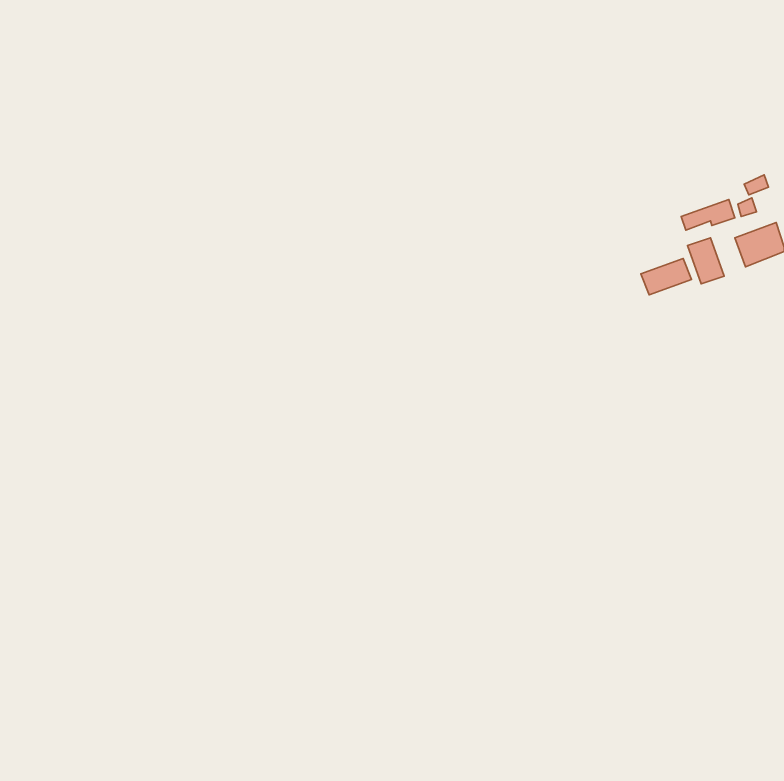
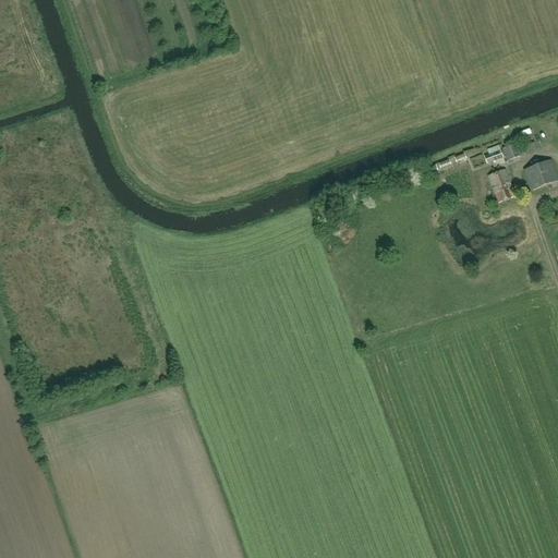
building: [641,258,692,295] -> none

